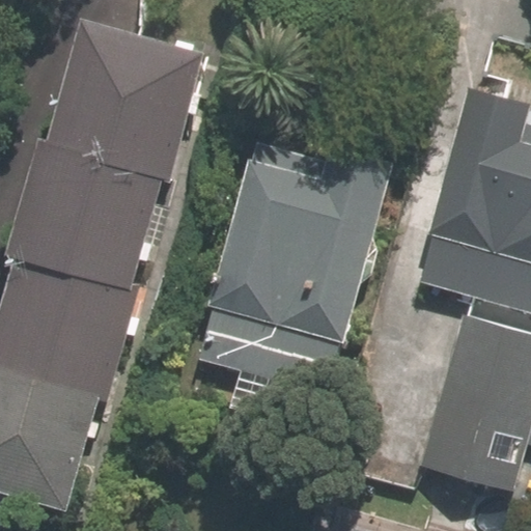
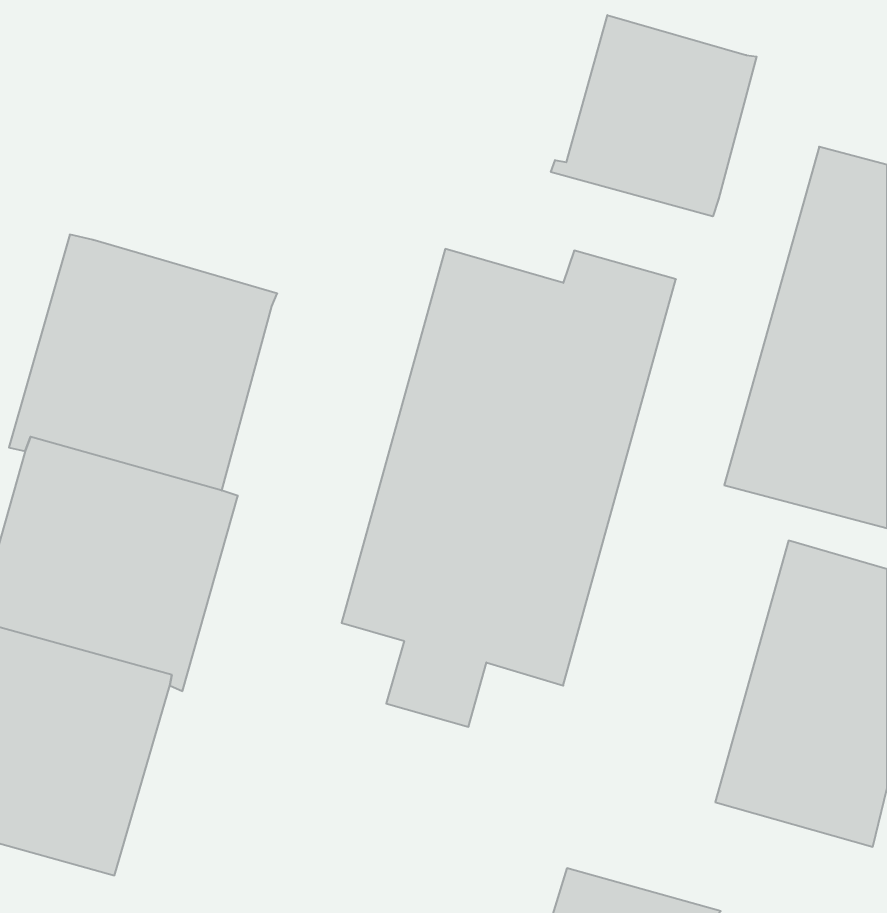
building: none -> [551,15,757,216]
building: [54,18,204,181] -> none

